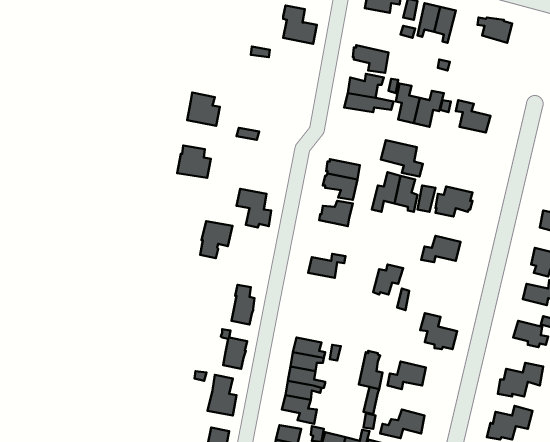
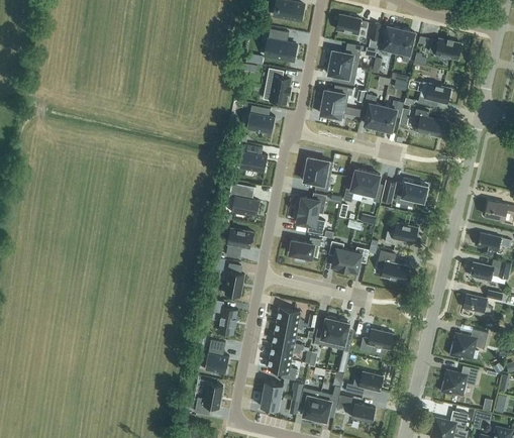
building: none -> [328,42,361,68]
building: none -> [266,69,290,103]
building: none -> [417,81,450,105]
building: [187,92,220,126] -> [246,105,274,133]
building: [381,140,423,177] -> none
building: [177,146,211,178] -> [238,144,267,172]
building: none -> [296,209,324,234]
building: [200,221,233,258] -> [225,225,252,256]
building: none -> [328,240,348,269]
building: [420,313,457,349] -> [377,251,408,282]
building: none -> [313,316,337,347]

